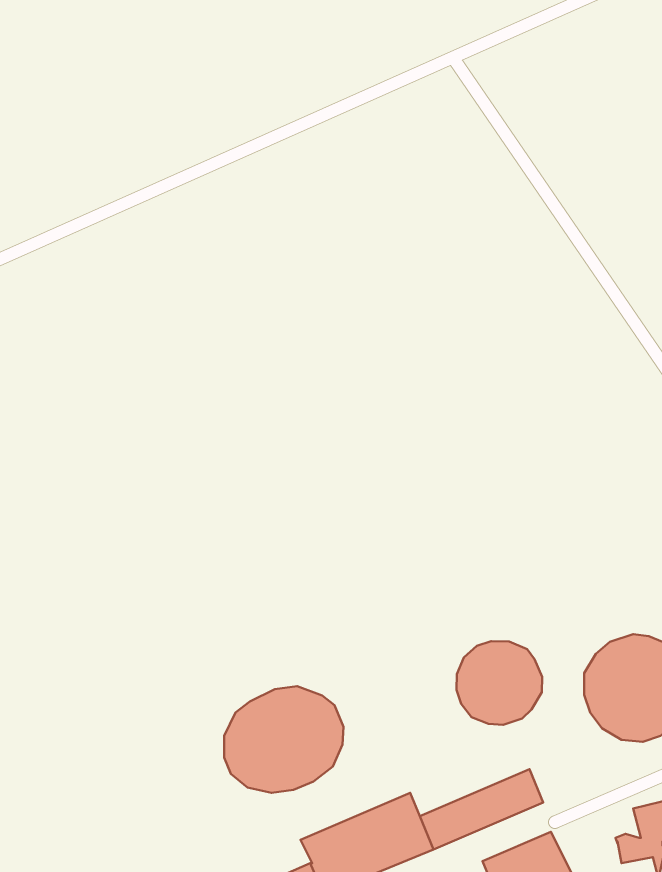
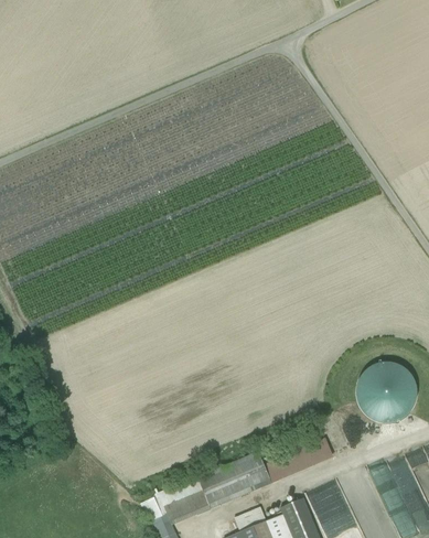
building: [457,641,542,725] -> none
building: [224,686,344,793] -> none

